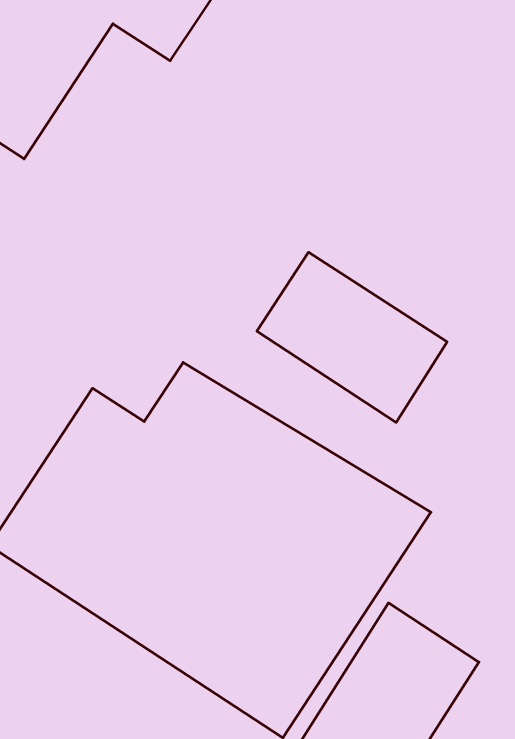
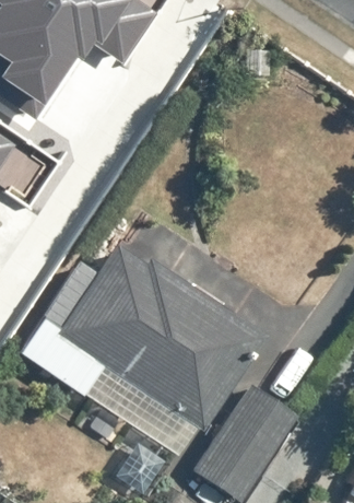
building: [257,252,447,422] -> none

